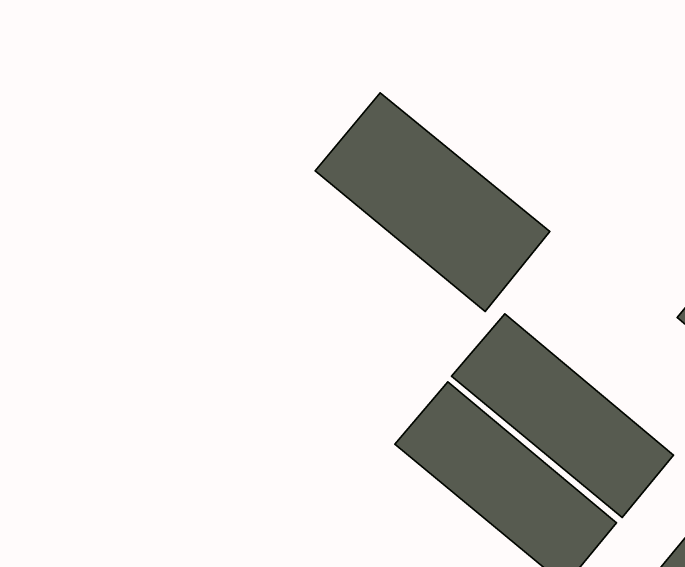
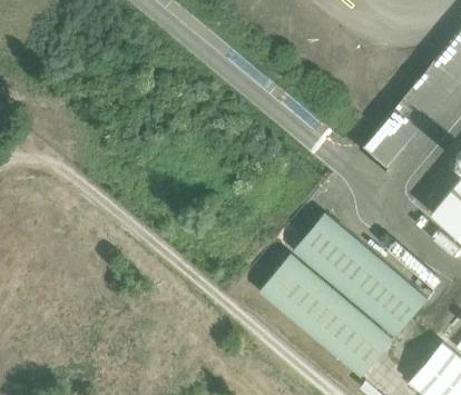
building: [315,93,550,312] -> none

